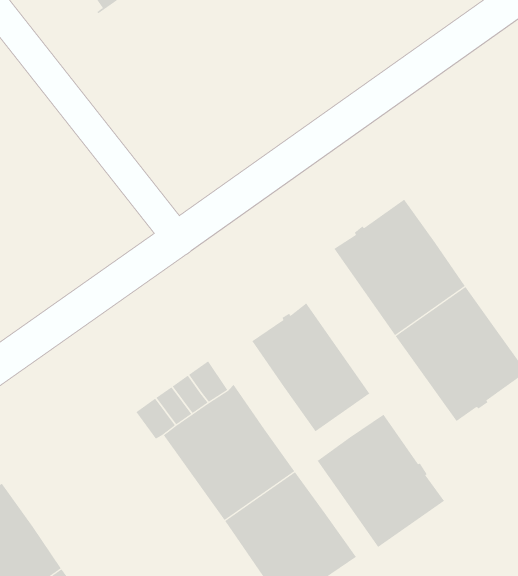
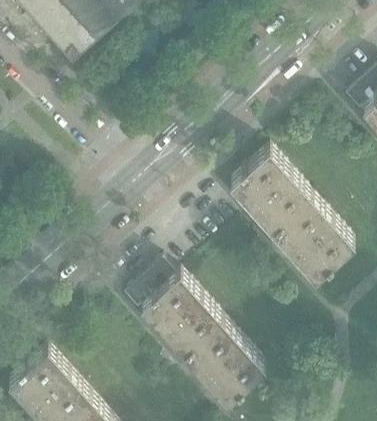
building: [251,303,370,432] -> none
building: [317,414,445,548] -> none

